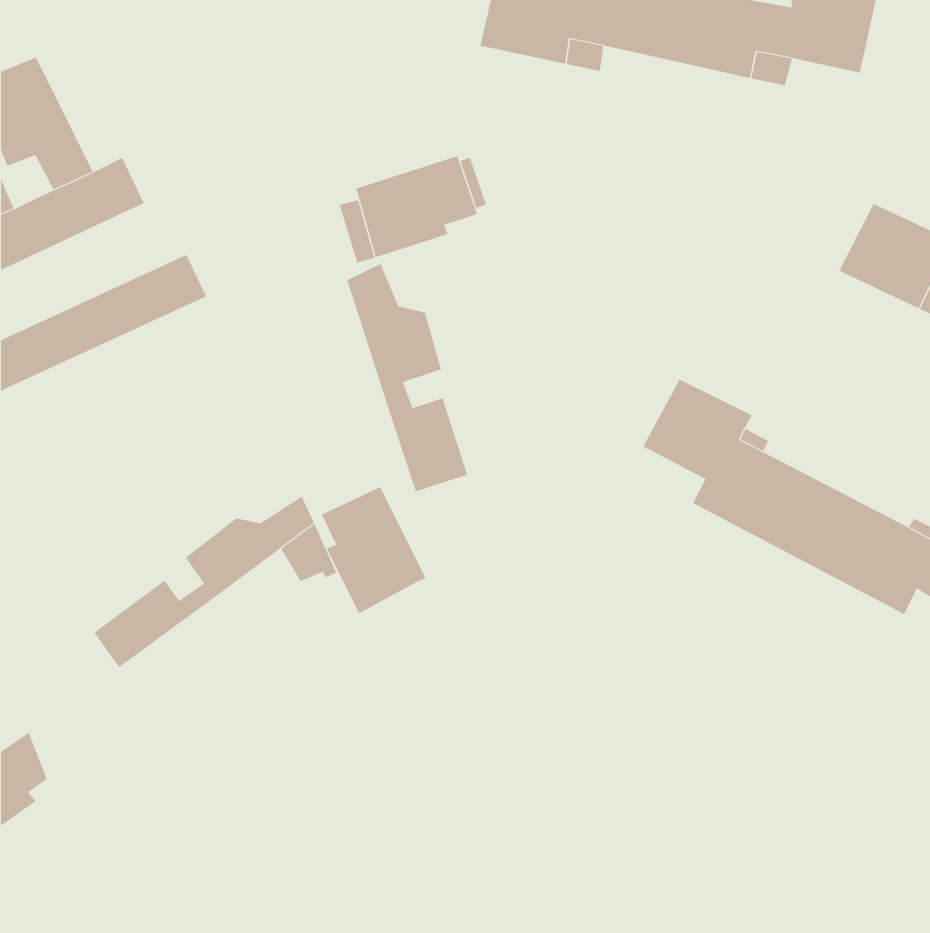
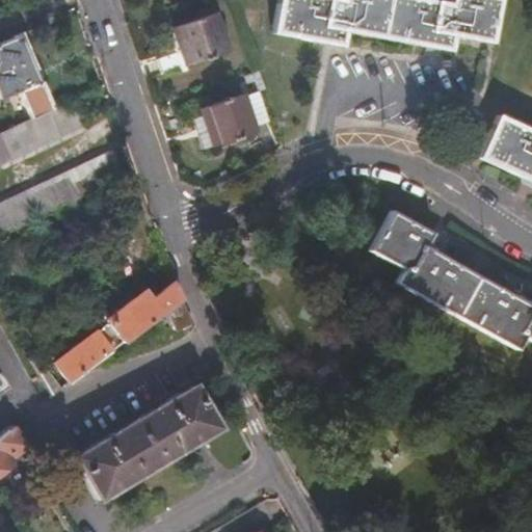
building: none -> [155,11,231,69]
building: [346,263,468,492] -> none
building: [321,486,426,614] -> none
building: none -> [76,381,231,498]

